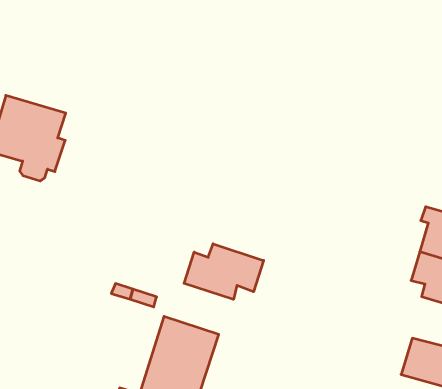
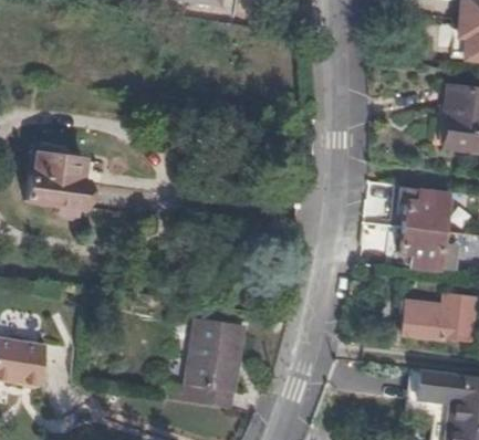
building: [184,244,264,299] -> none

